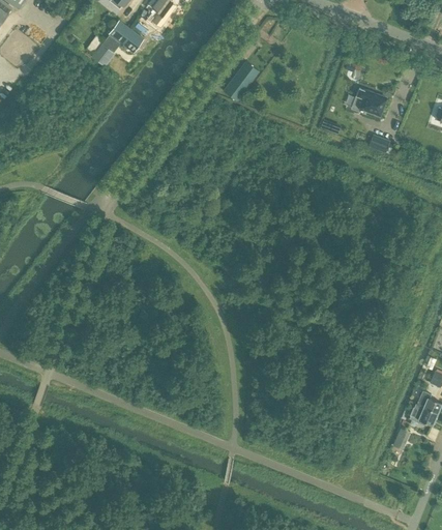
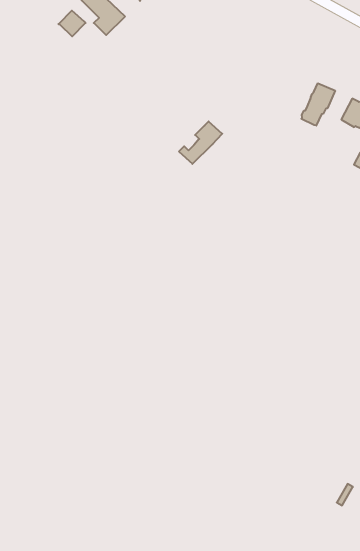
building: [223,61,259,100] -> [179,121,222,164]
building: none -> [301,83,335,126]

